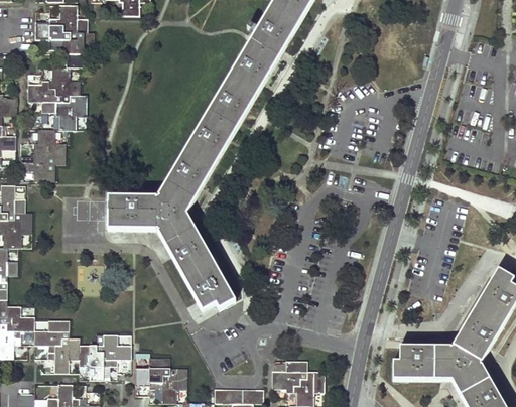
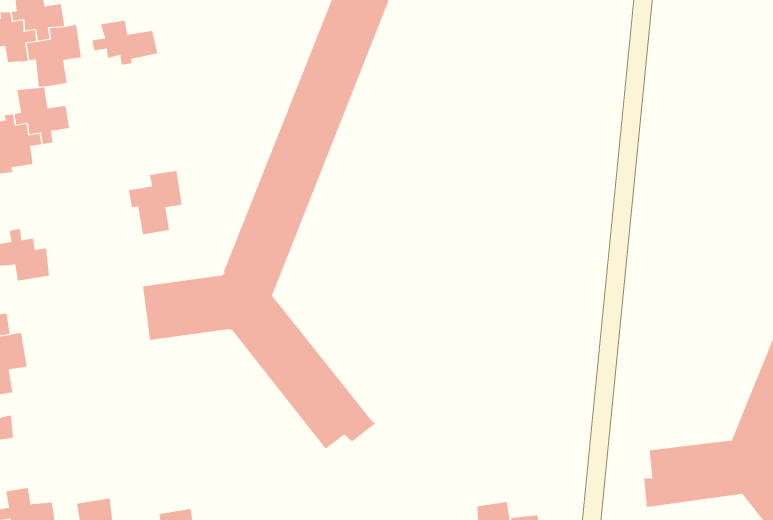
building: none -> [92,20,158,65]
building: [54,94,86,129] -> [128,170,183,235]
building: [33,128,64,163] -> none

